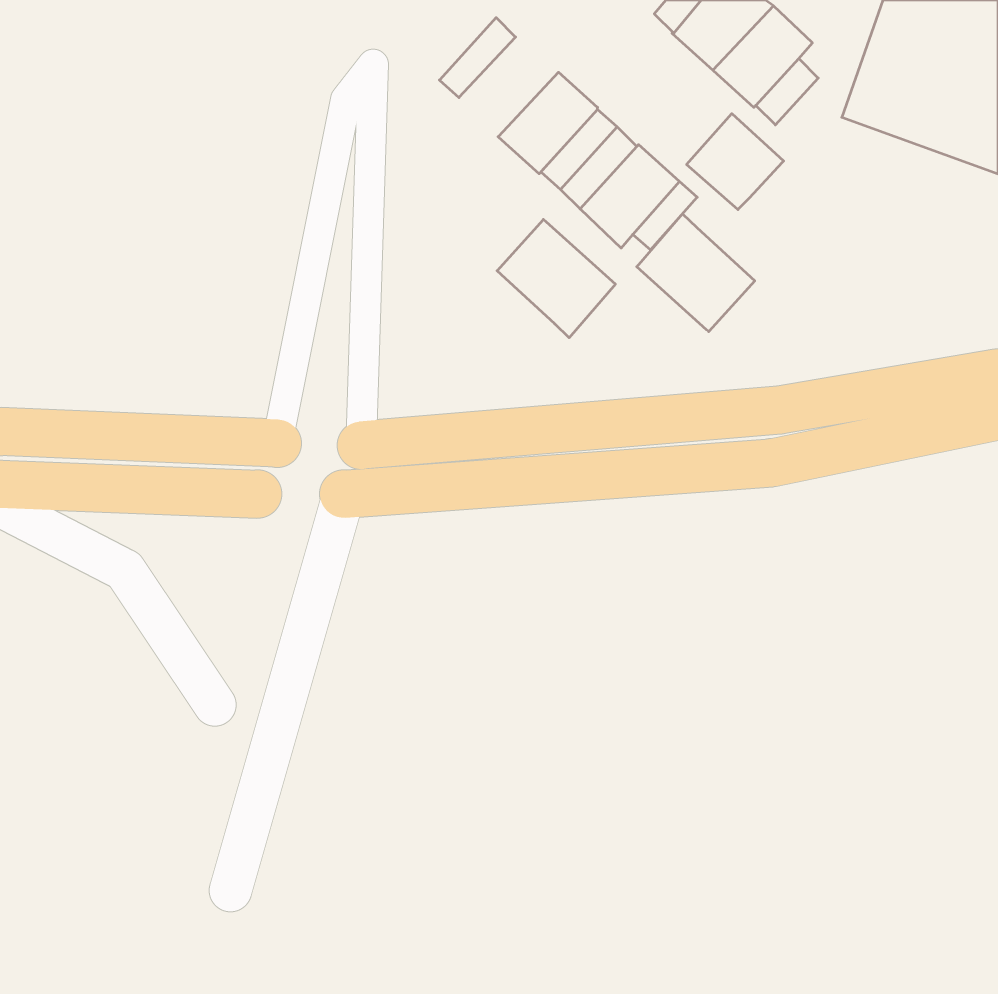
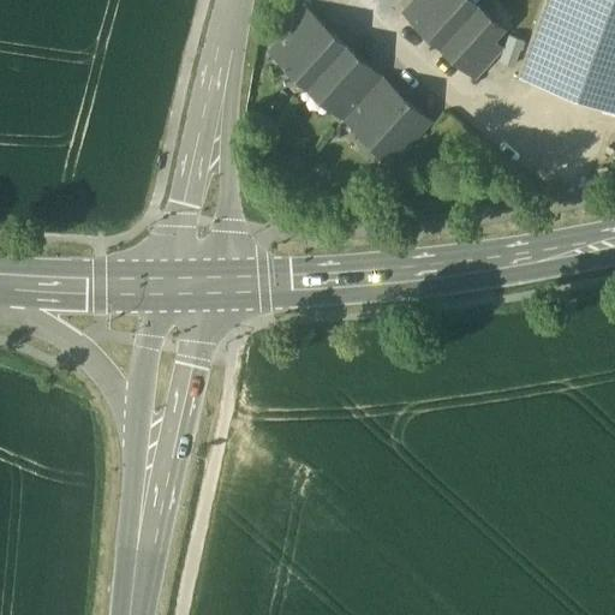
building: none -> [281,24,344,86]
building: [687,114,784,210] -> none
building: [637,214,755,332] -> none
building: [497,219,615,338] -> none

